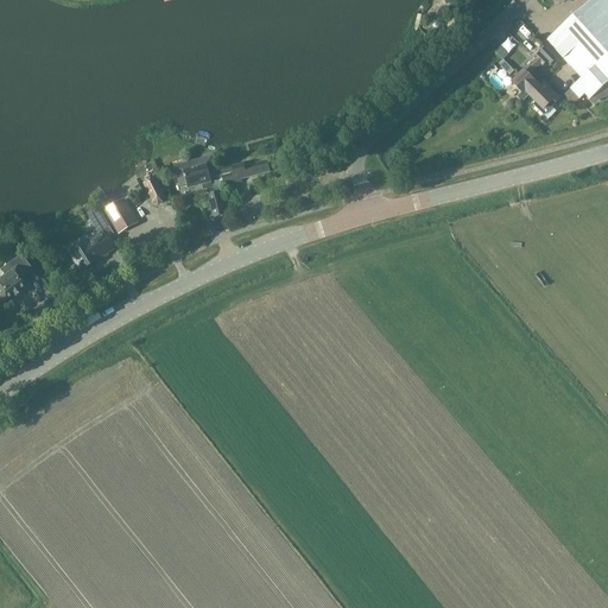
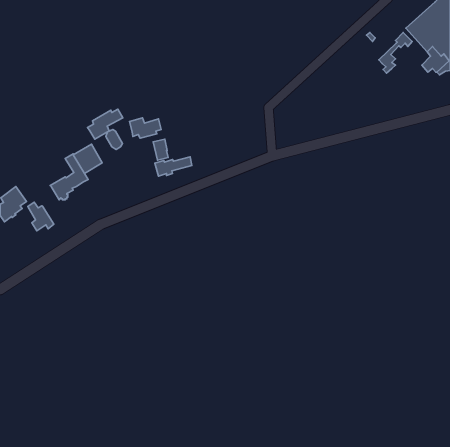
building: [528,80,558,113] -> none
building: none -> [87,109,123,139]
building: [220,157,270,183] -> [155,157,192,176]
building: none -> [28,202,54,231]

